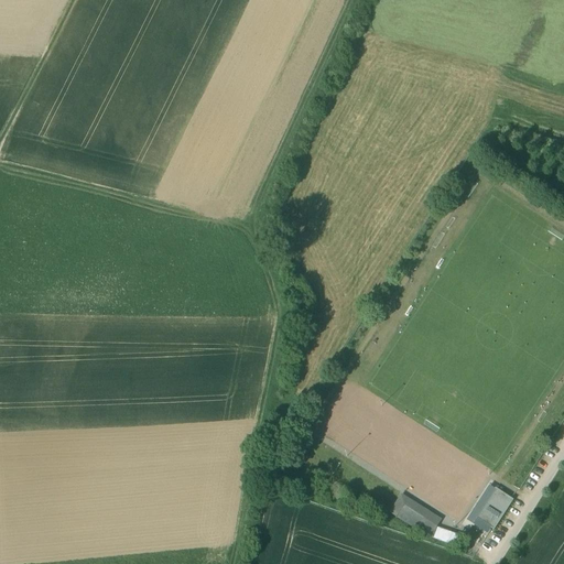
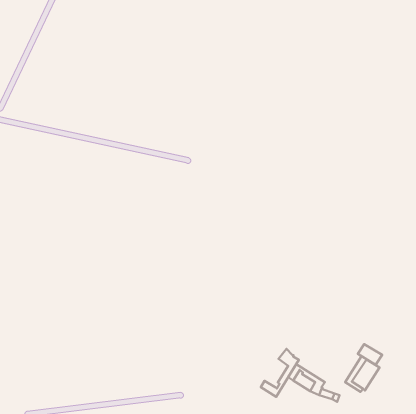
building: none -> [358,344,382,365]
building: none -> [261,349,299,397]

